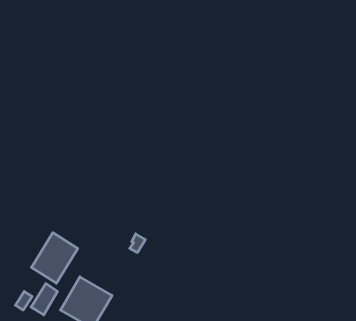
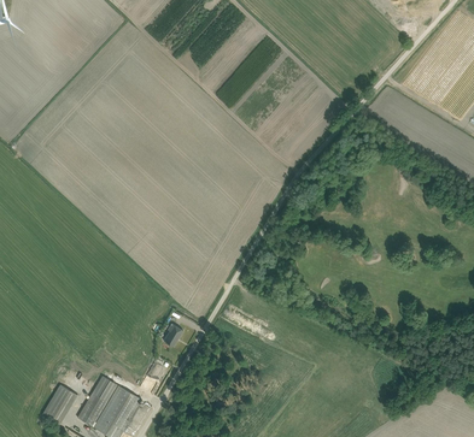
building: [31,233,78,283] -> none

